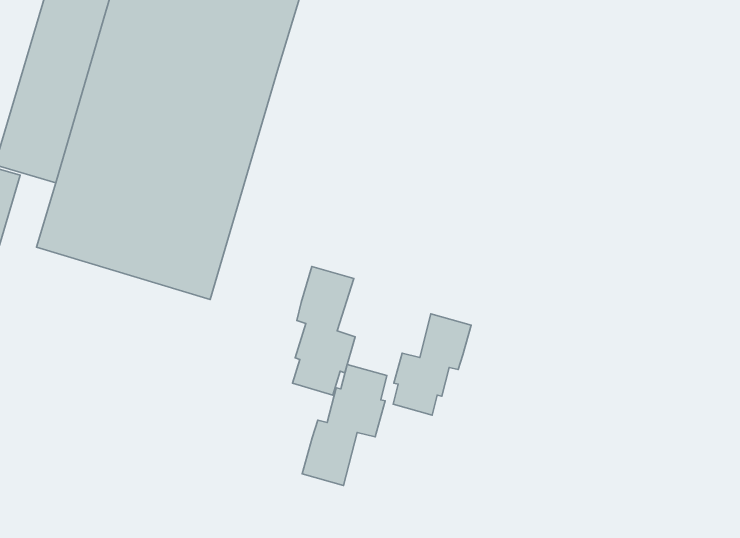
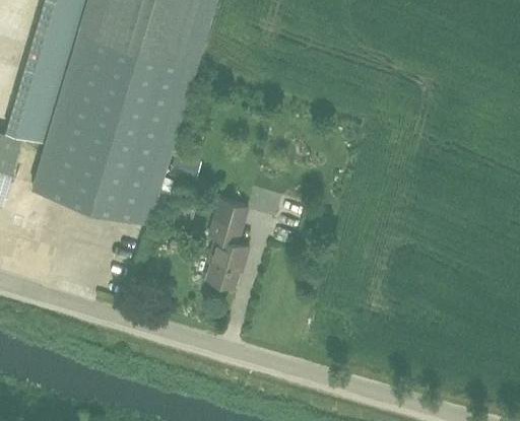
building: [393,314,471,415] -> none
building: [302,365,387,486] -> none

